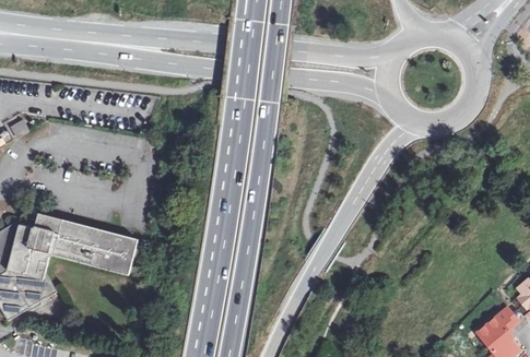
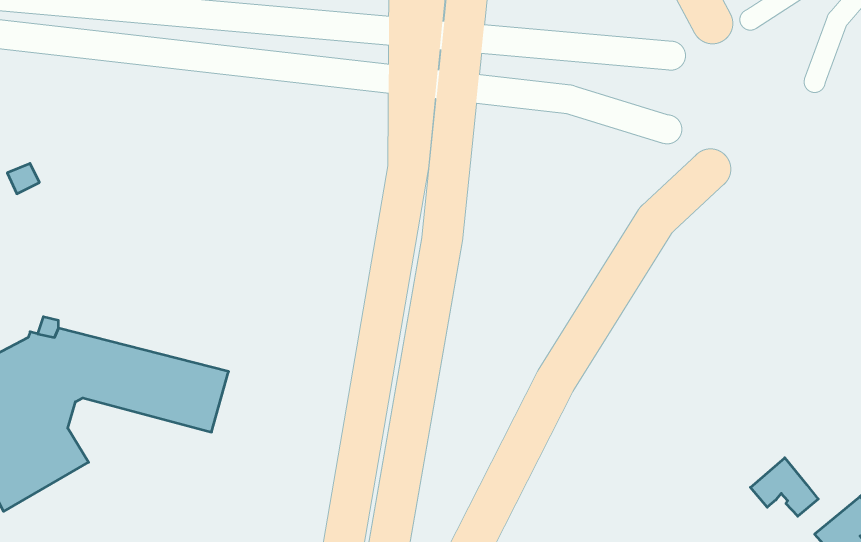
building: none -> [750,458,818,516]

